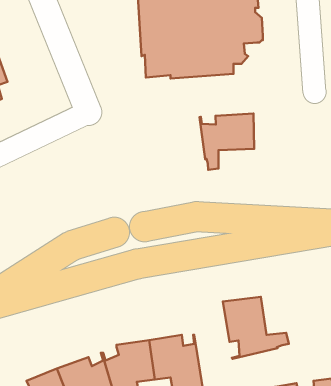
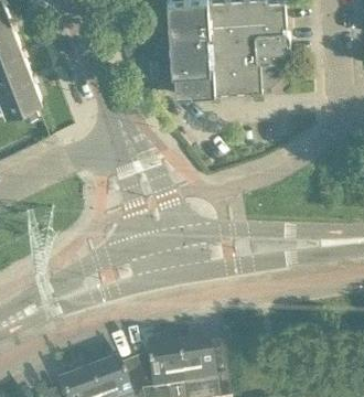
building: [200,114,254,170] -> none
building: [223,297,289,359] -> none

